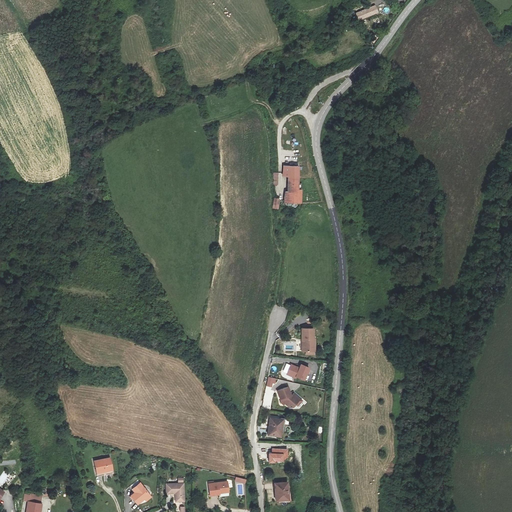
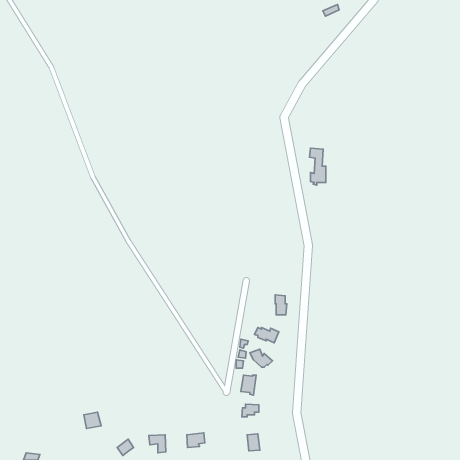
building: [283,164,301,205] -> [310,148,326,185]

